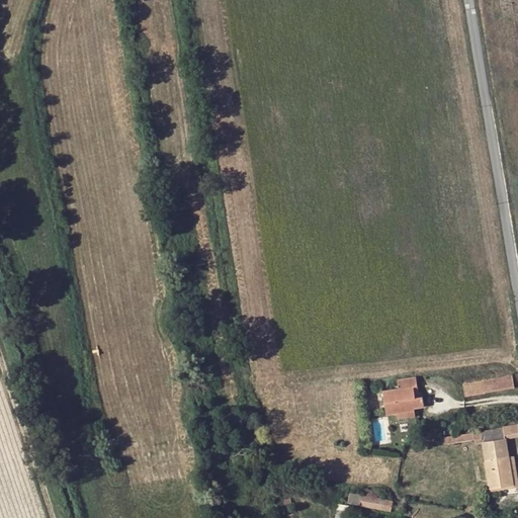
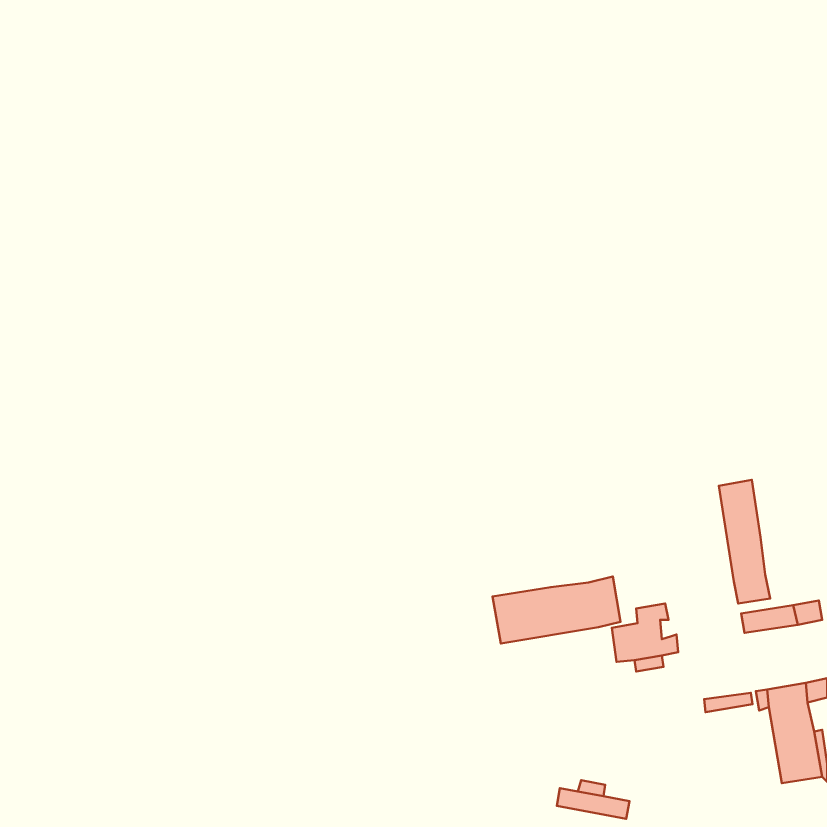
building: none -> [719,480,770,604]
building: none -> [493,577,621,643]

